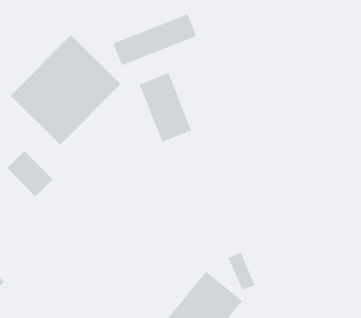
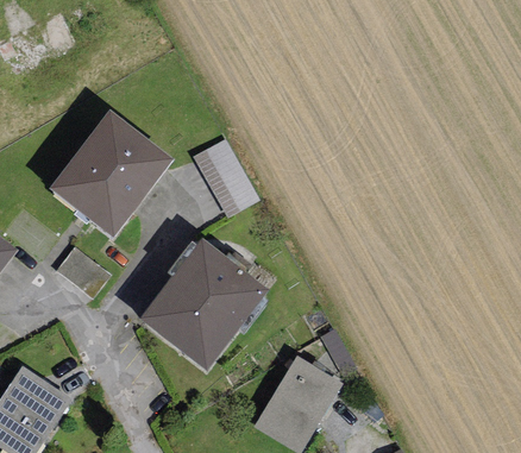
building: [113,14,197,66] -> none
building: none -> [138,237,269,370]

